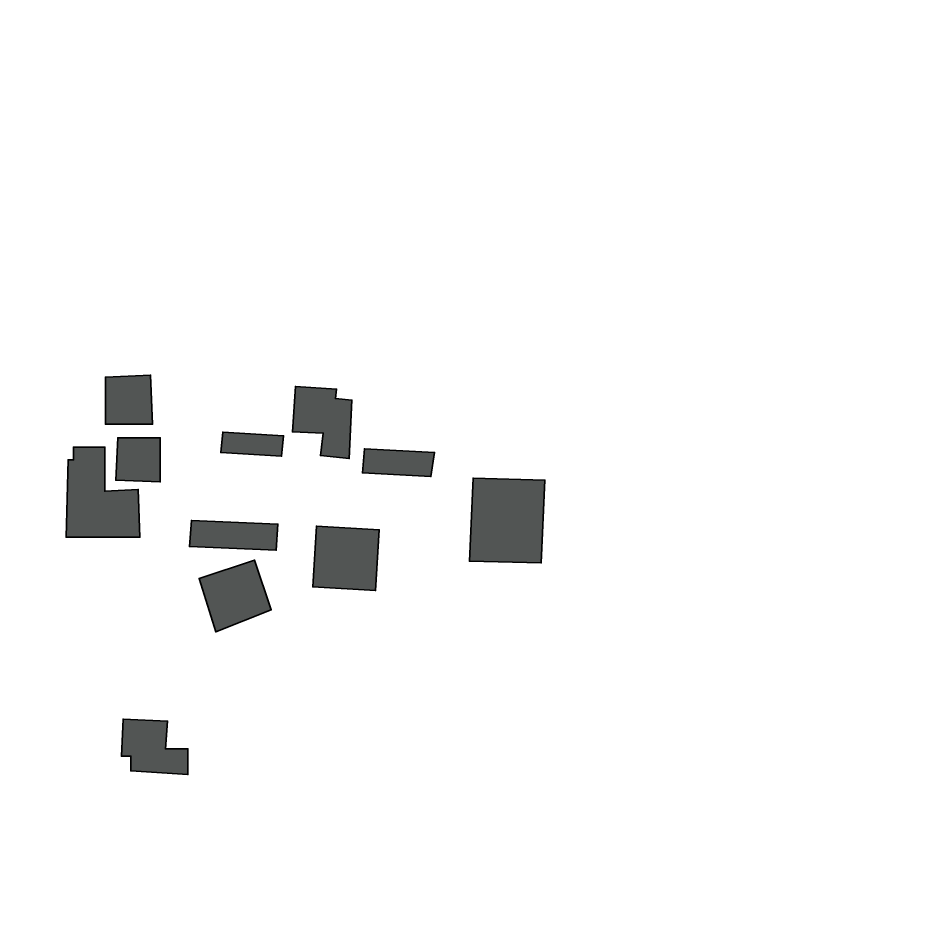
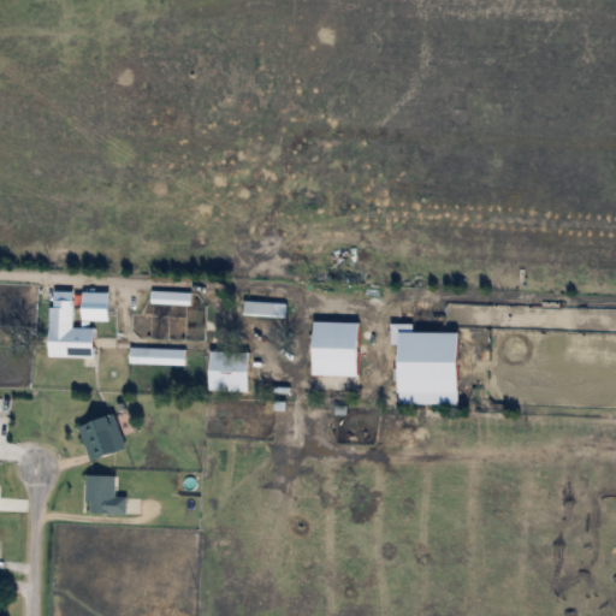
building: [105,375,152,424] -> none
building: [292,387,352,459] -> none
building: none -> [398,330,461,405]
building: [199,560,271,632] -> [77,414,124,461]

